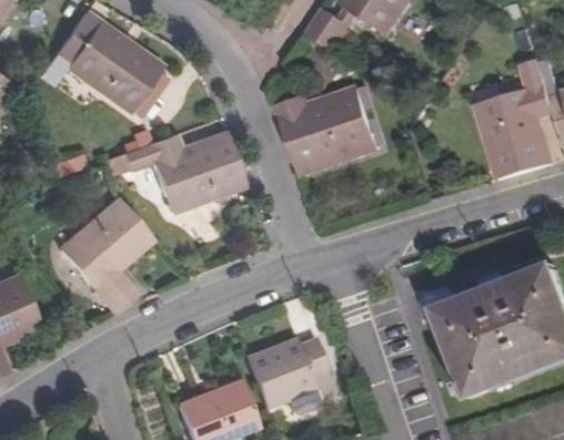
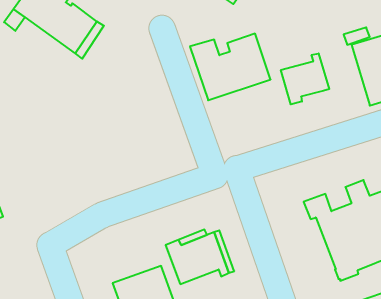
building: none -> [281,53,329,104]
building: [124,132,243,209] -> none
building: [57,201,148,316] -> none

